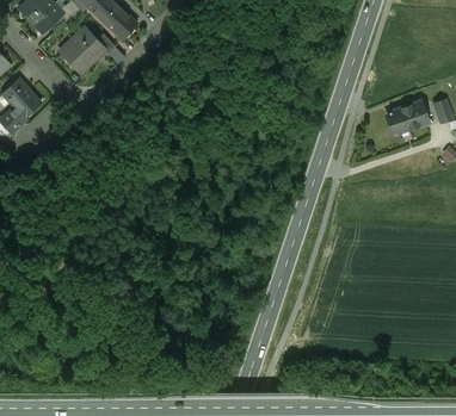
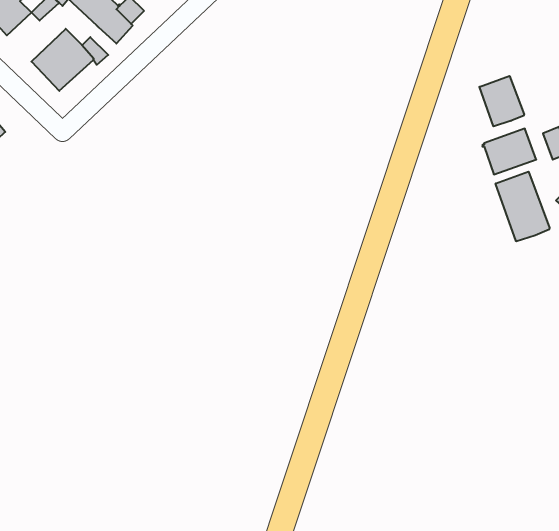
building: none -> [479,76,524,126]
building: none -> [496,172,550,241]

